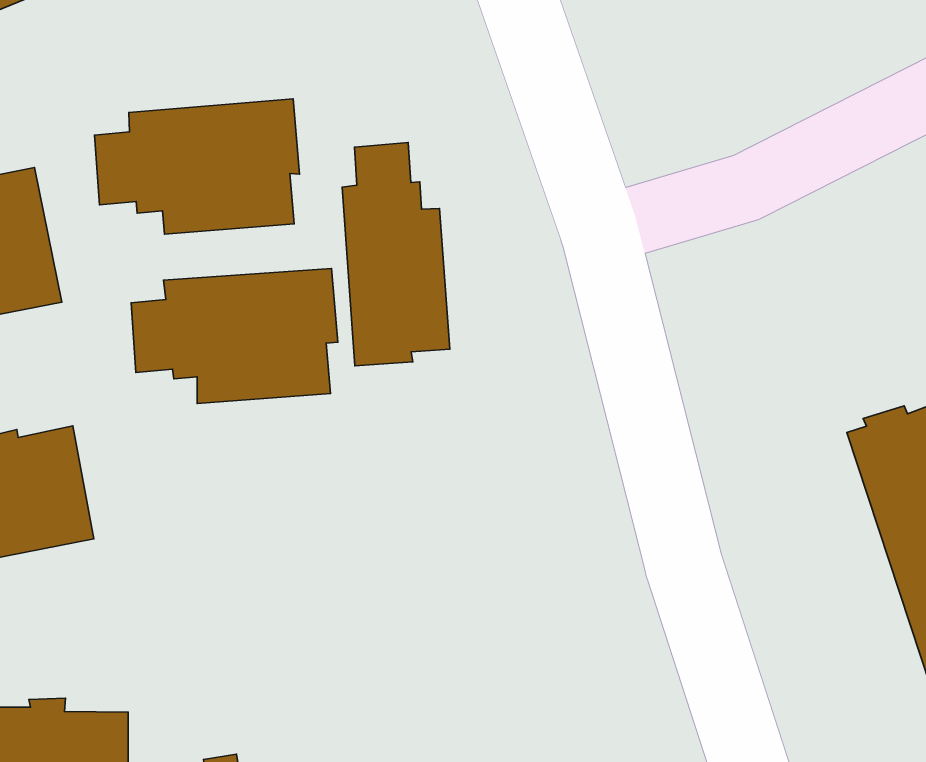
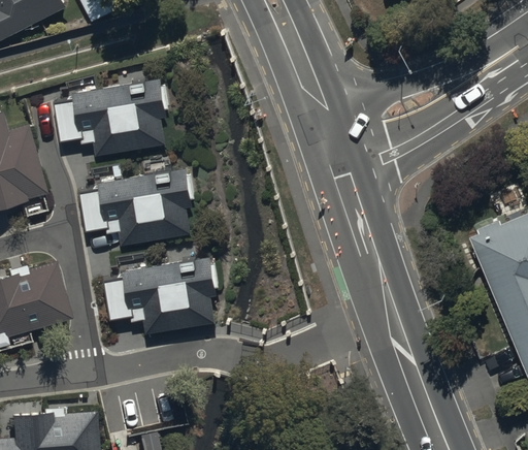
building: [342,142,450,366] -> none
building: none -> [106,256,218,333]

